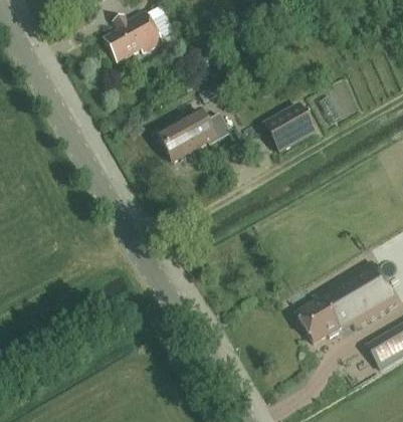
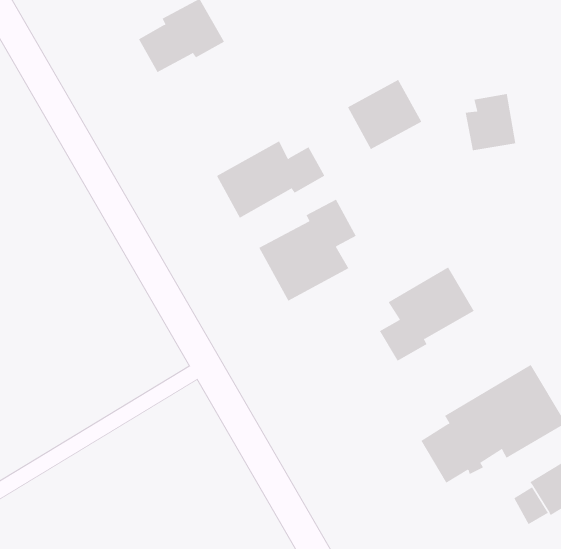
building: [264,104,316,153] -> [347,79,422,150]
building: none -> [258,199,357,302]
building: none -> [379,267,475,362]

